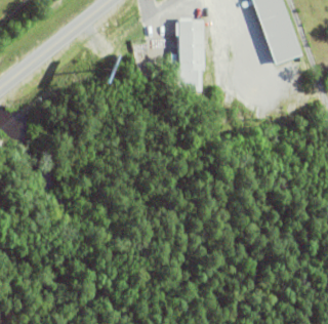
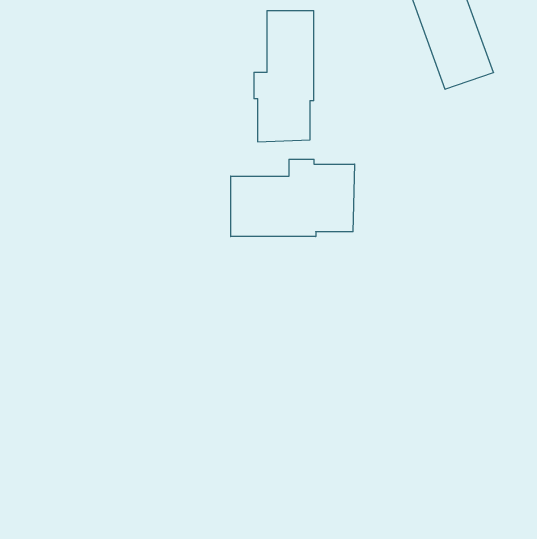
building: none -> [231,159,355,237]

